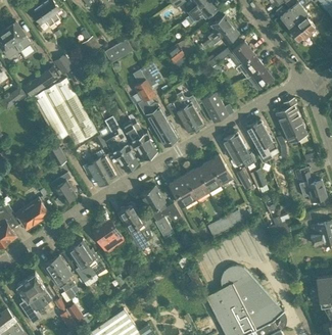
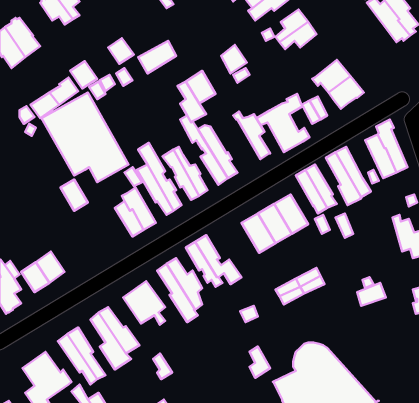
building: [208,42,253,68] -> none
building: [165,99,196,133] -> none
building: [53,174,77,206] -> none
building: [169,177,195,207] -> none

